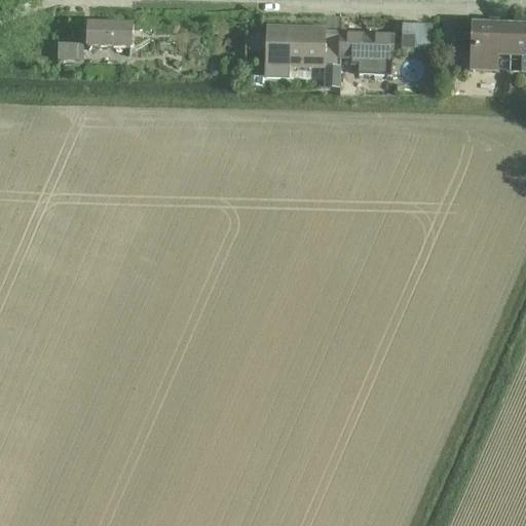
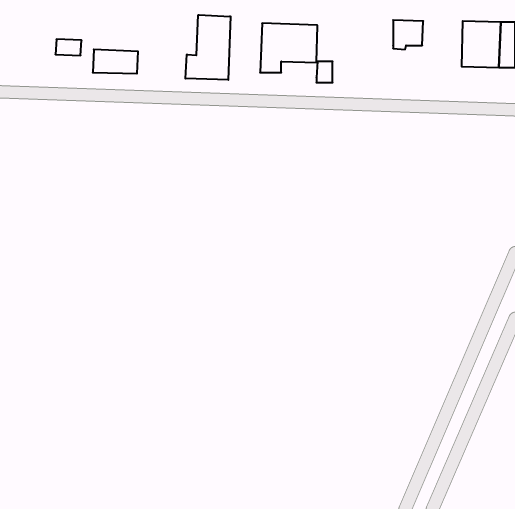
building: none -> [185,15,231,80]
building: [85,20,132,44] -> [93,49,138,74]
building: [338,30,392,72] -> none

